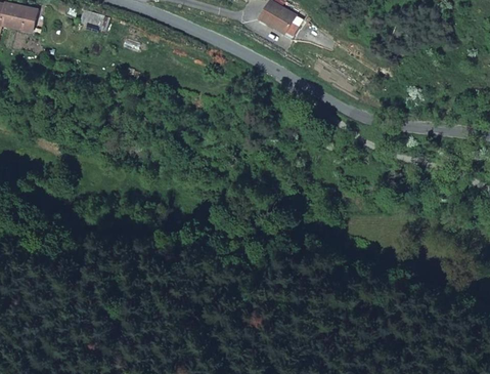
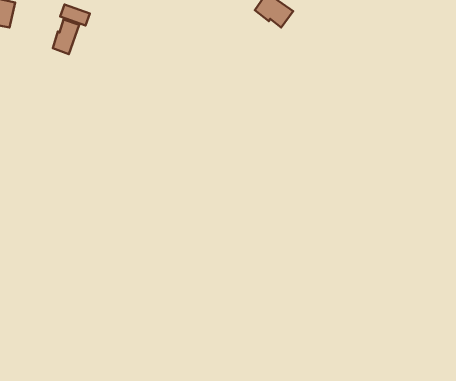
building: none -> [53,20,79,54]

